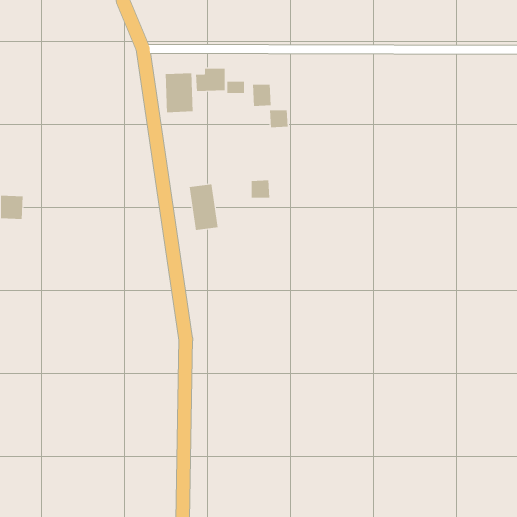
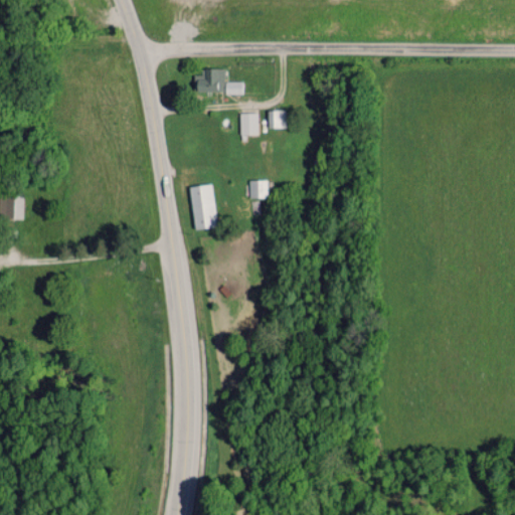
building: [165,72,193,113] -> none
building: [252,84,272,107] -> [240,114,260,136]

